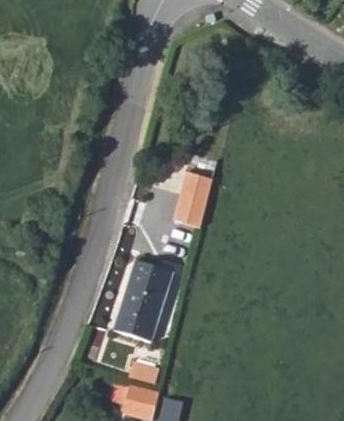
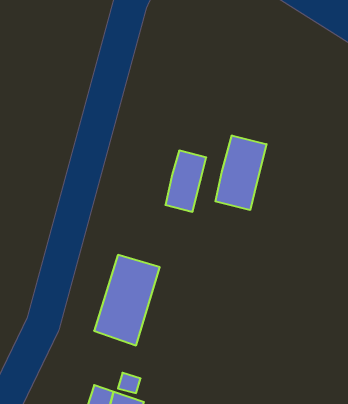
building: none -> [215,135,267,210]

